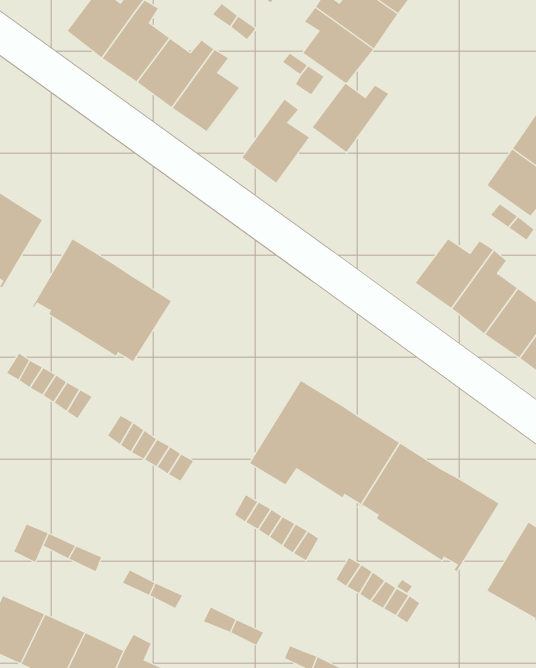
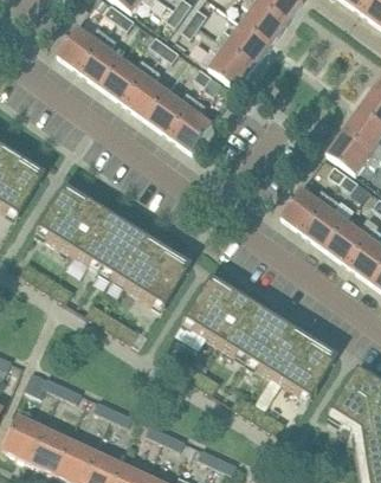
building: [312,83,389,153] -> [147,90,196,135]
building: none -> [98,227,188,310]

